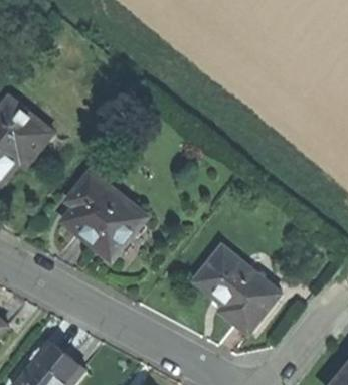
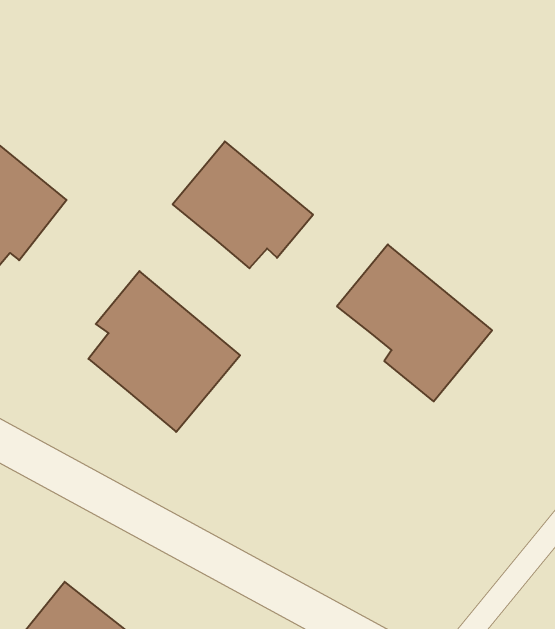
building: none -> [173,141,313,268]
building: [193,246,279,333] -> [337,244,492,401]

